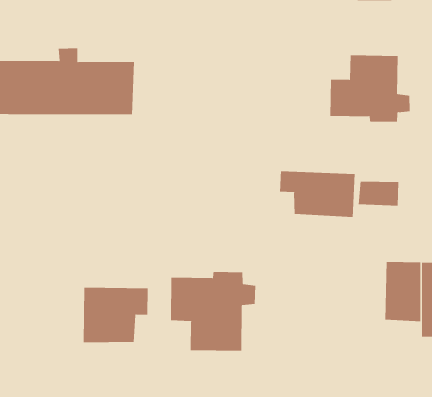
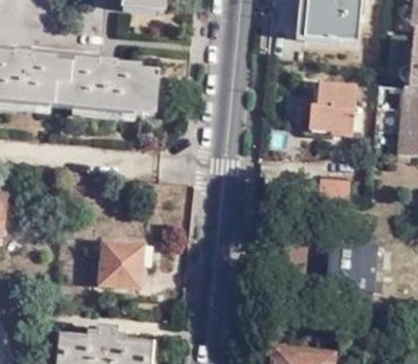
building: [280,171,355,218] -> none
building: [171,271,256,351] -> none

